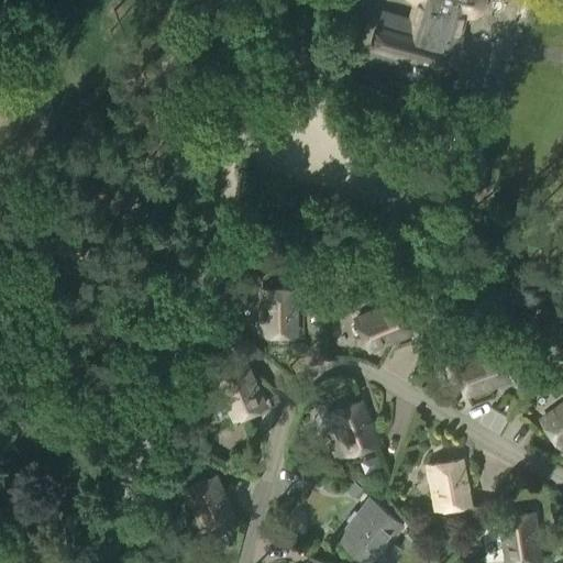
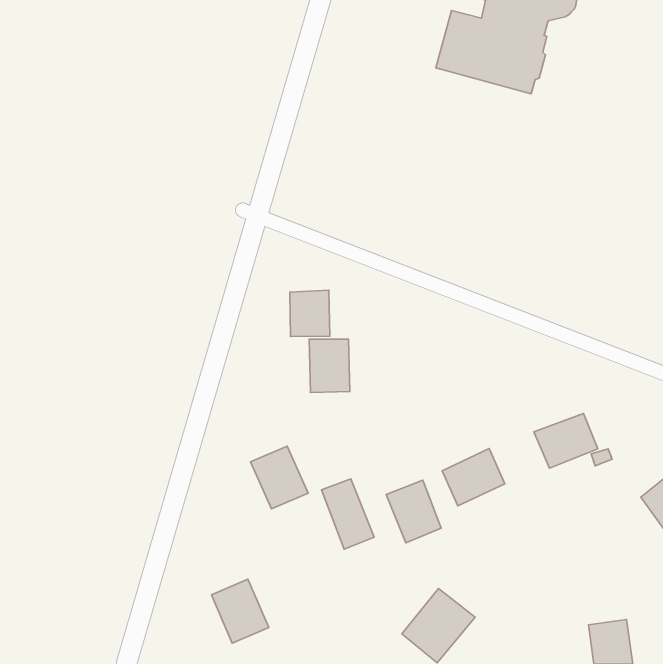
building: none -> [290,290,330,336]
building: [357,301,410,350] -> [442,449,505,506]
building: none -> [321,479,374,549]
building: [429,457,470,507] -> none

